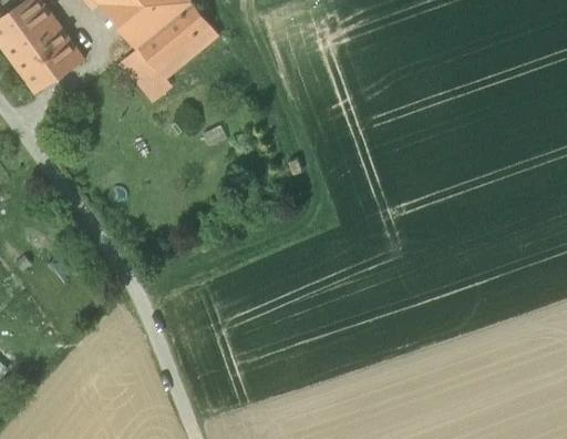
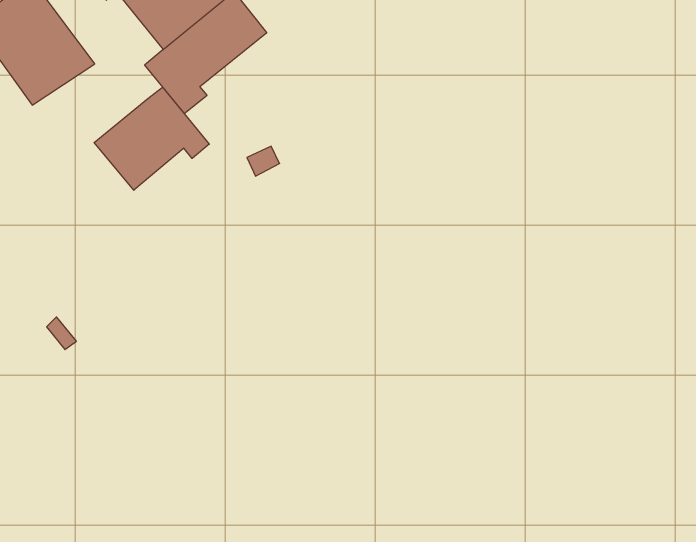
building: none -> [94,87,209,190]

